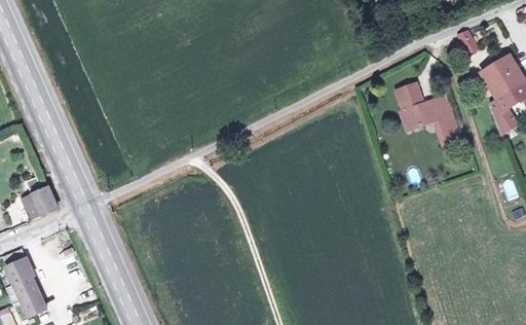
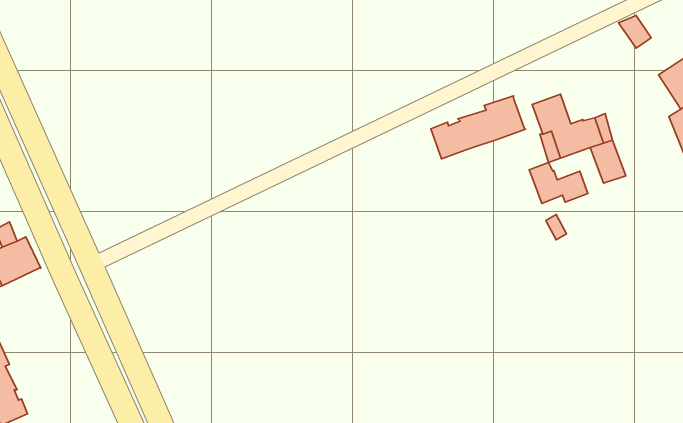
building: none -> [431,96,525,159]
building: none -> [529,163,588,203]

